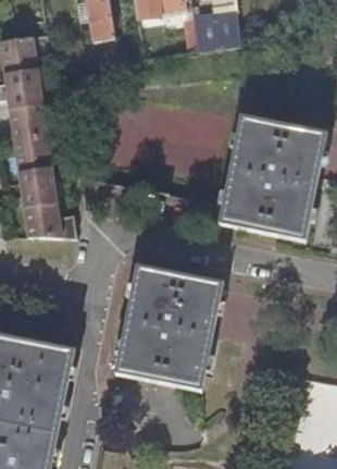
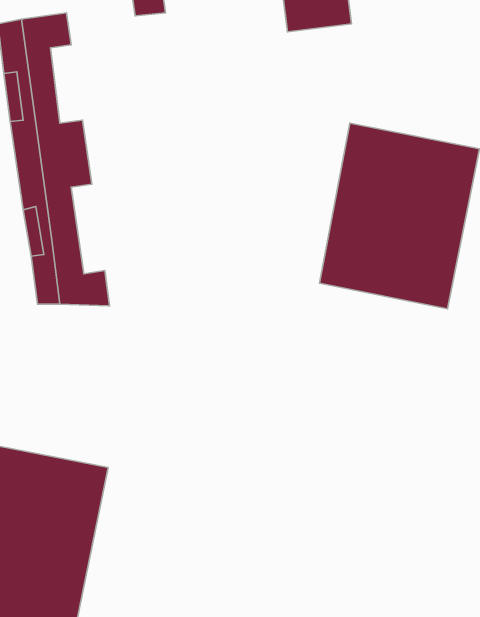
building: [114,266,224,391] -> none

